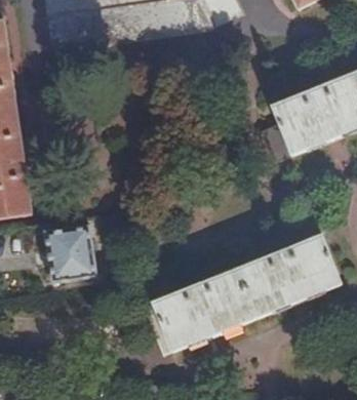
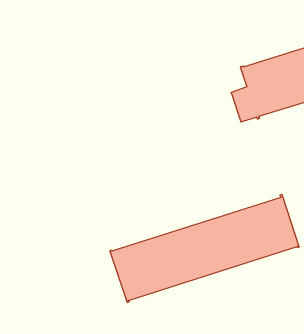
building: [44,223,96,282] -> none

